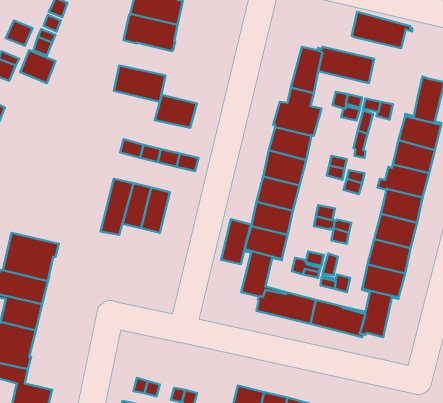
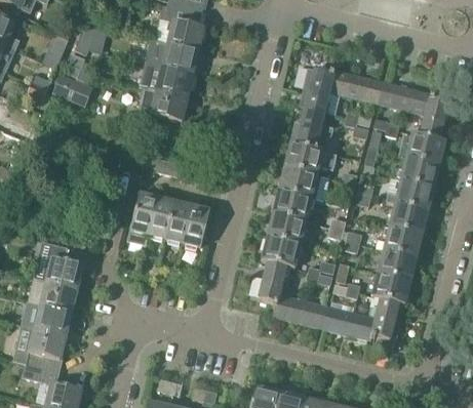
building: [352,12,412,48] -> [378,81,434,115]
building: [155,95,197,128] -> [155,66,194,96]
building: [221,219,251,264] -> [183,205,210,247]

